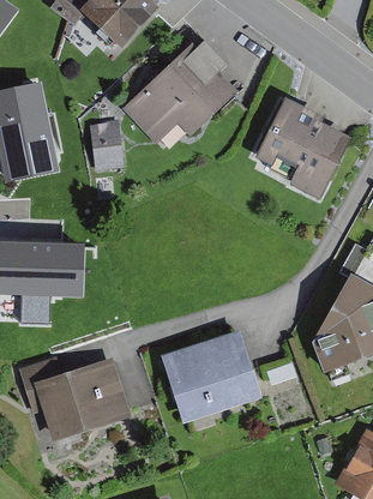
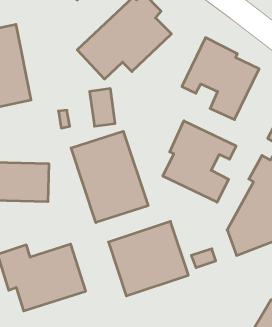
building: [89,124,121,172] -> [90,89,115,126]
building: none -> [163,121,236,202]
building: none -> [71,131,148,223]

